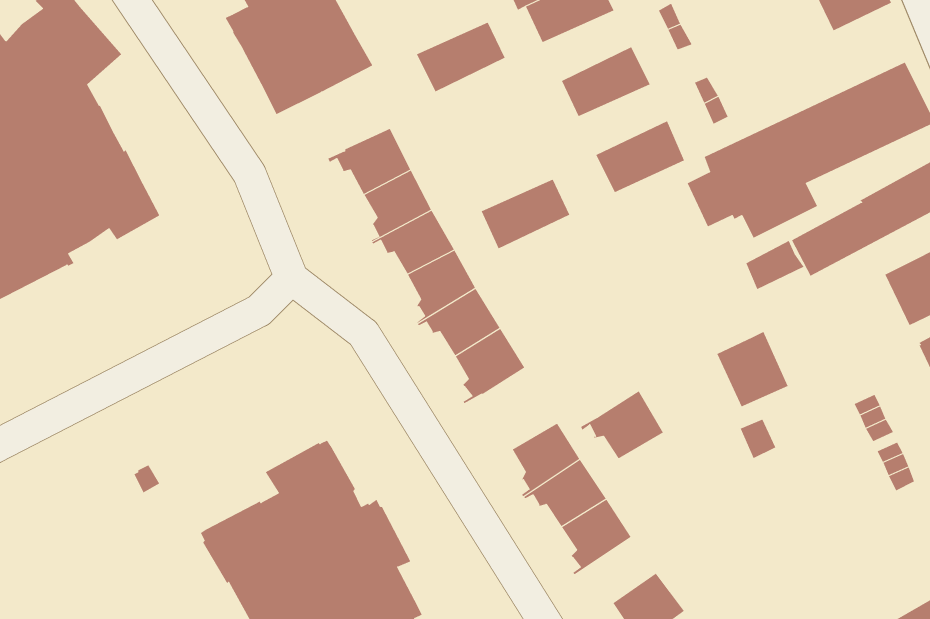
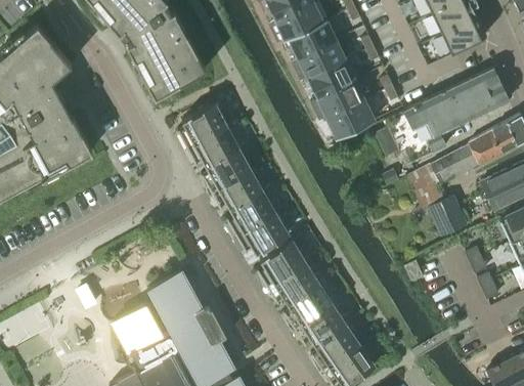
building: [416,22,505,92] -> [298,41,346,79]
building: [481,179,570,249] -> [317,81,365,119]
building: [716,331,789,407] -> [429,196,468,237]
building: [580,391,664,459] -> [261,241,306,277]
building: none -> [315,325,359,360]

